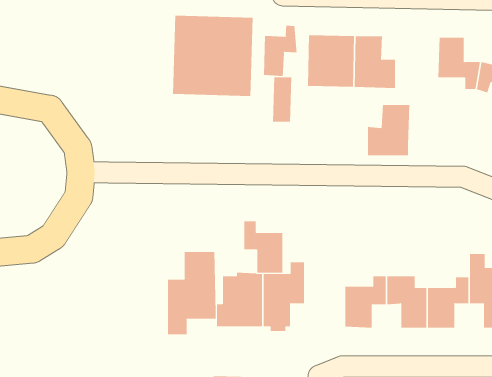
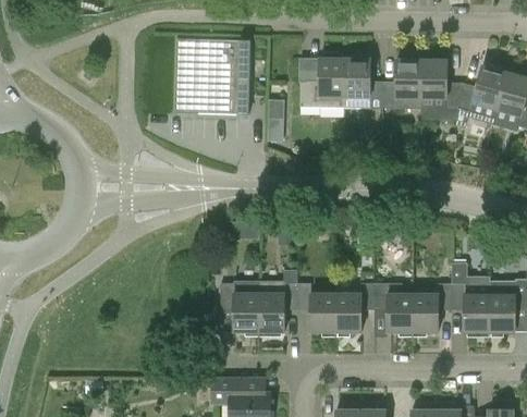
building: [263,25,297,77] -> none
building: [367,104,410,156] -> [383,60,424,108]
building: [244,221,283,273] -> [298,282,335,331]
building: [167,251,216,335] -> none

